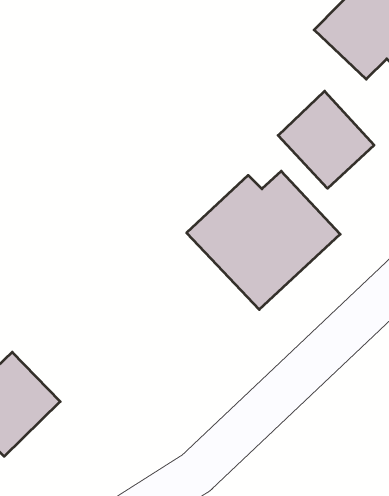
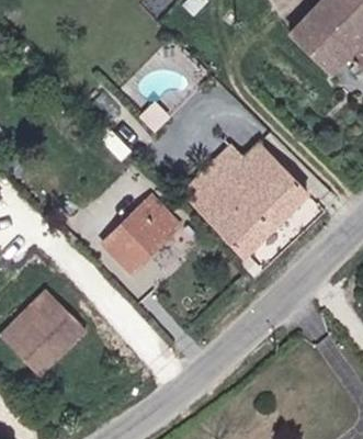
building: [278,91,374,188] -> none
building: none -> [105,194,180,268]

